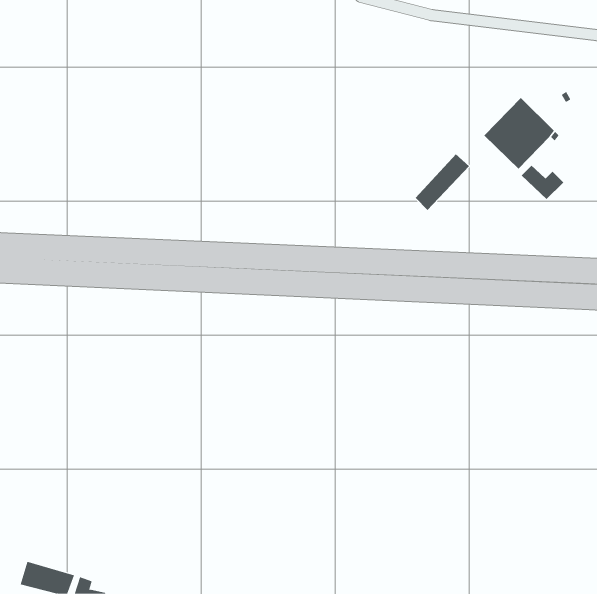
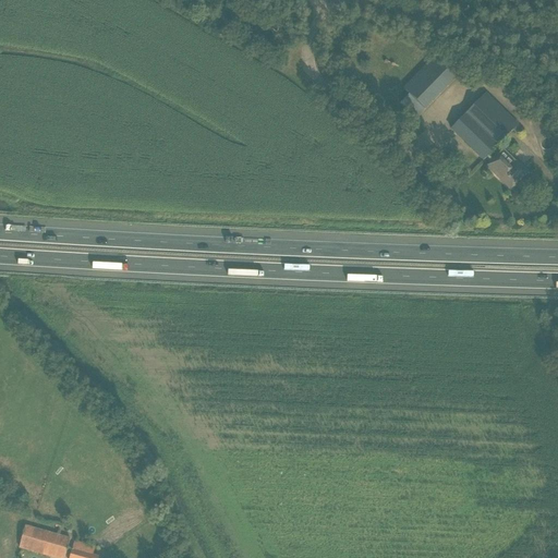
building: [415,153,470,211] -> [402,65,453,119]

